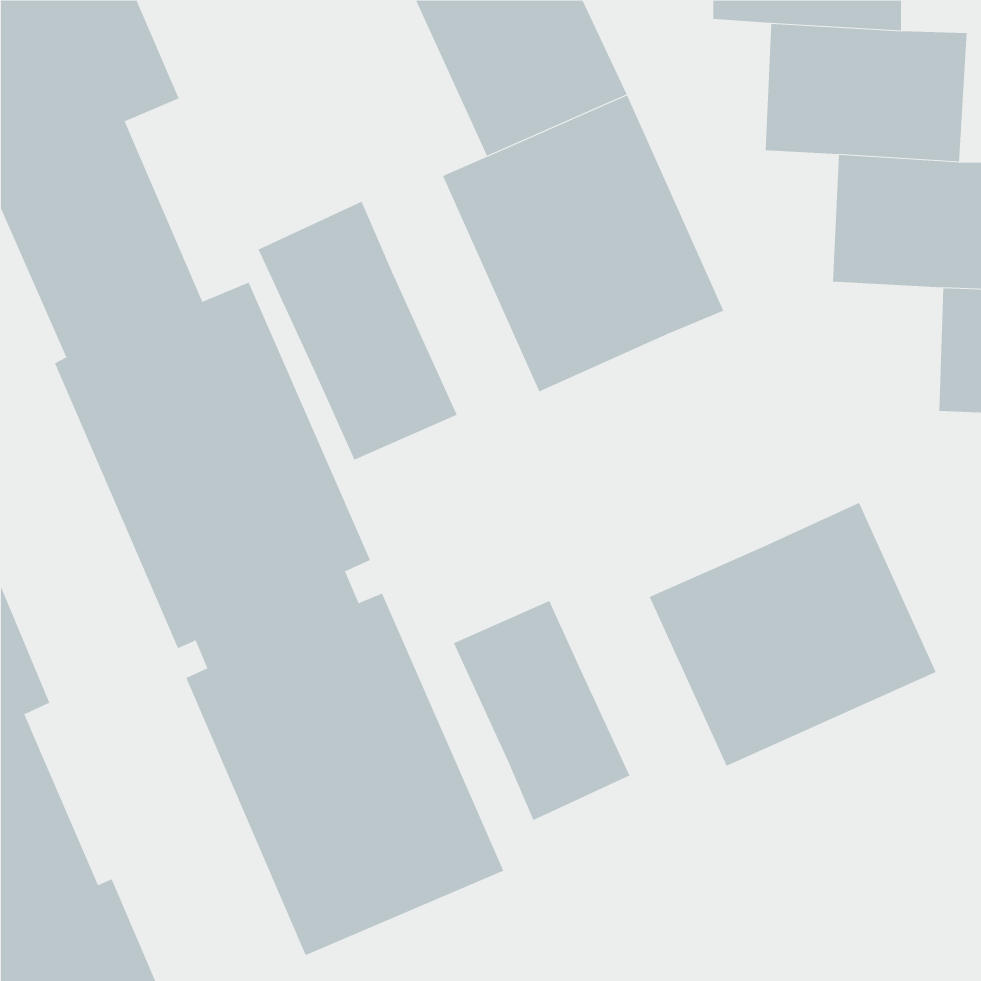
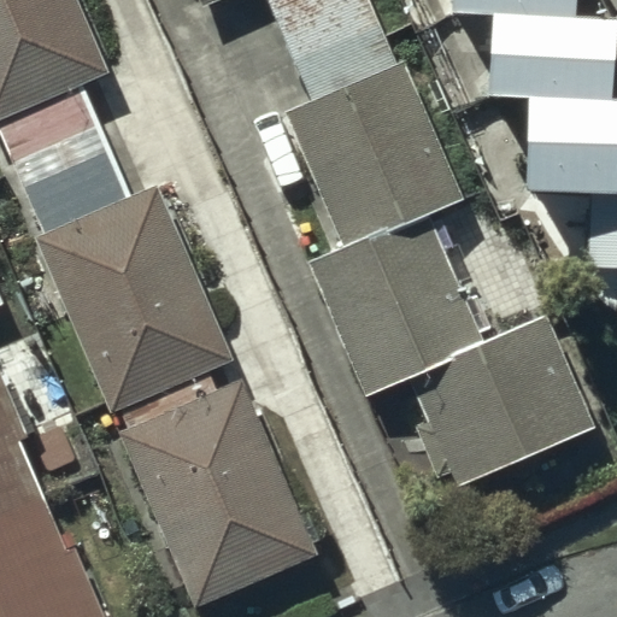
building: [258,201,458,461] -> none
building: none -> [302,212,480,396]
building: [453,600,630,821] -> none

